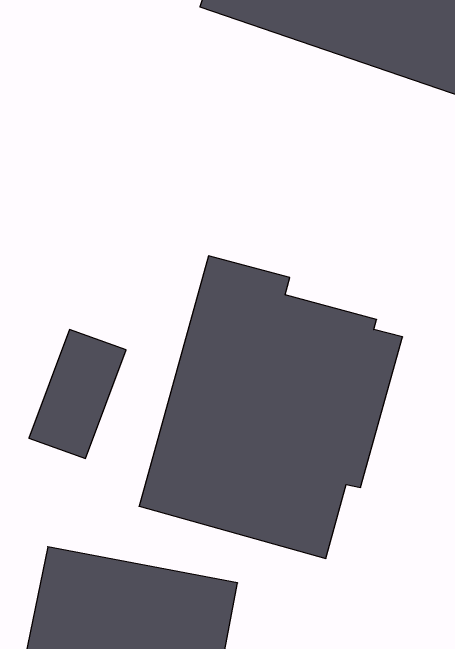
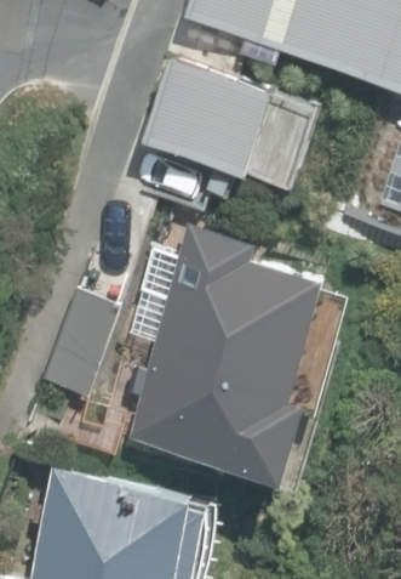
building: none -> [143,62,270,176]

